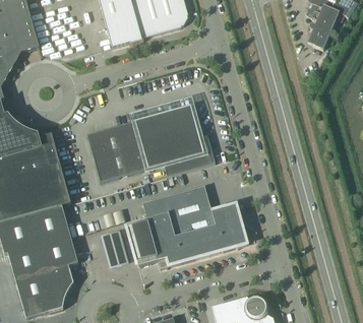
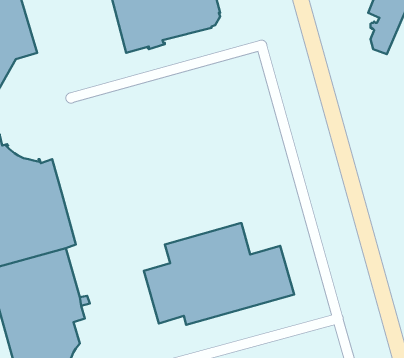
building: [87,105,216,181] -> none
building: [100,227,129,265] -> none

